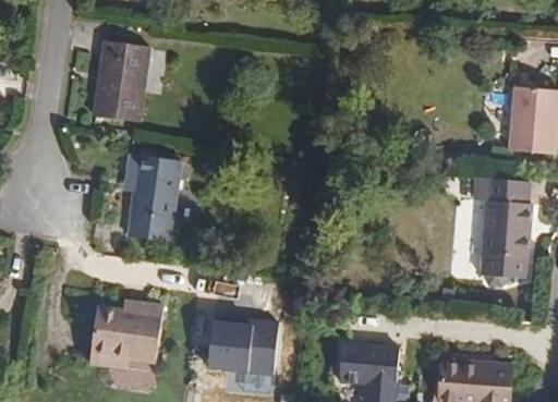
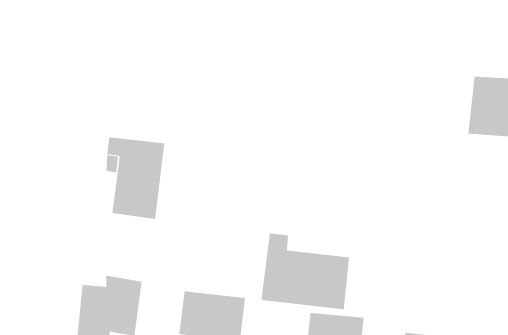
building: [95,40,149,120] -> none
building: [472,176,529,284] -> none
building: none -> [261,233,349,310]

